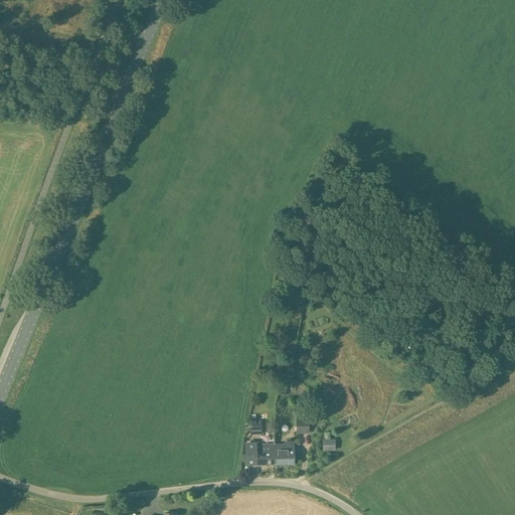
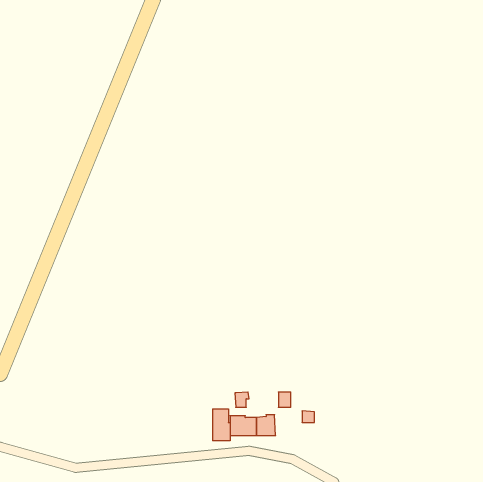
building: none -> [213,409,230,441]

